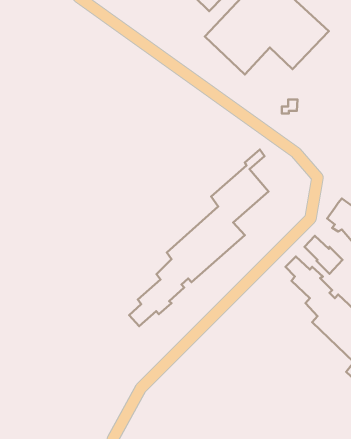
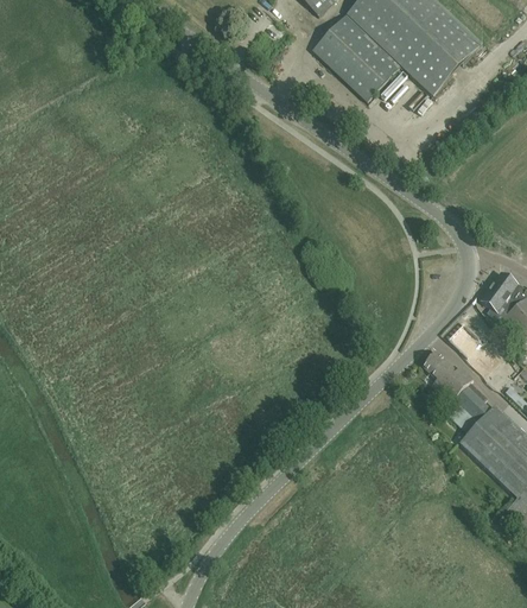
building: [129,150,269,326] -> none

